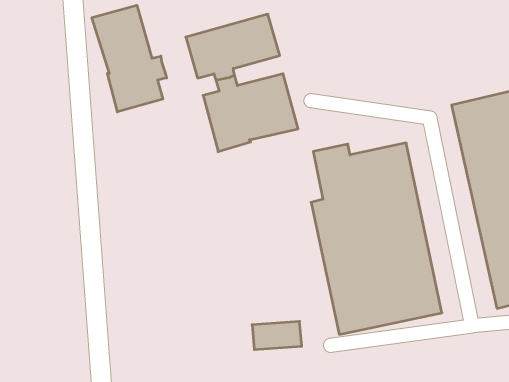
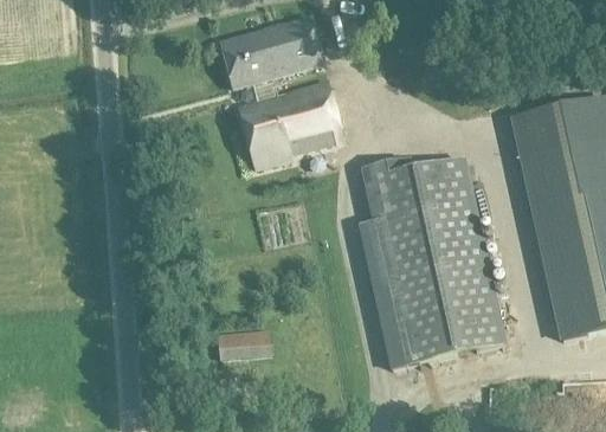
building: [92,5,167,112] -> none
building: [252,321,302,350] -> [219,327,273,357]

